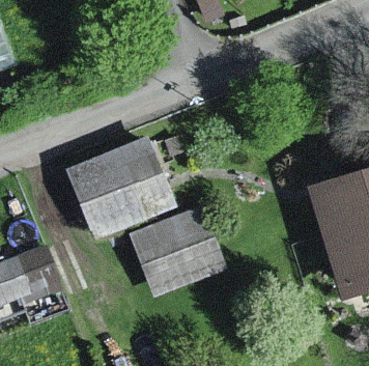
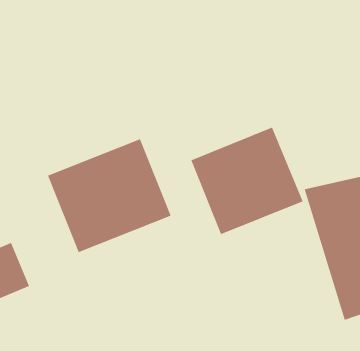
building: [131,207,232,305] -> [191,127,304,235]

